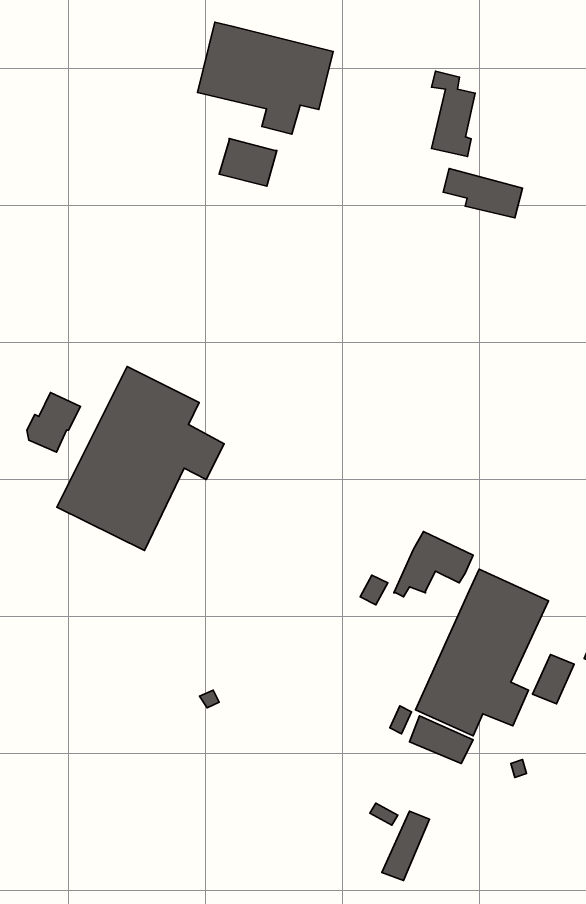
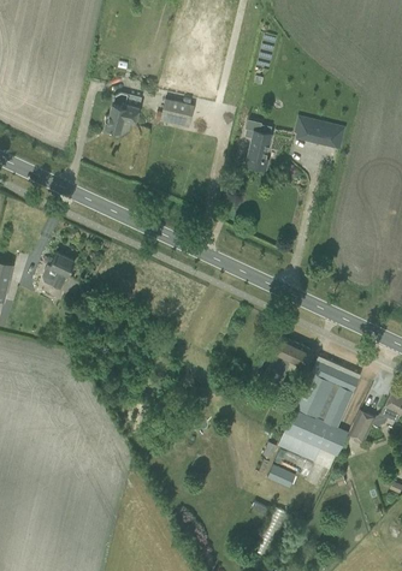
building: [197,22,333,134] -> none
building: [432,71,475,157] -> [246,119,272,171]
building: none -> [105,103,141,132]
building: [57,366,224,550] -> none

